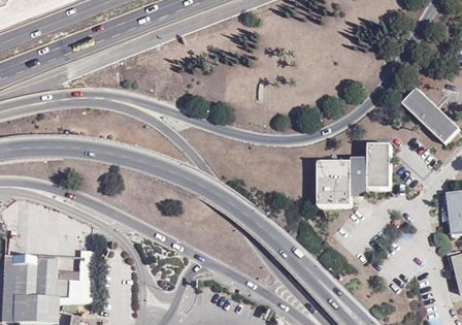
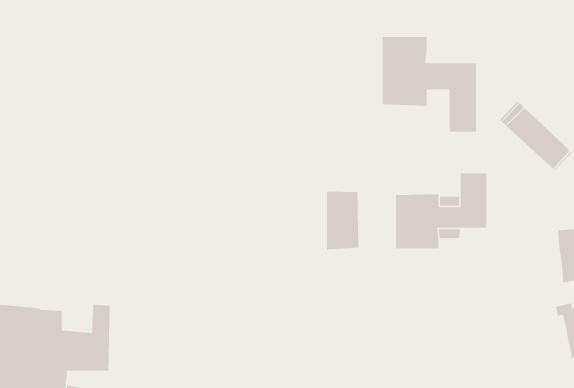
building: none -> [382,36,477,132]
building: none -> [326,191,359,250]

